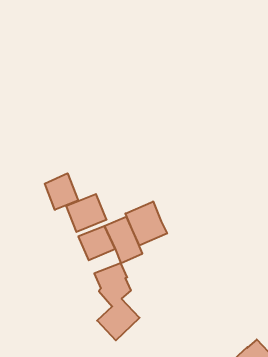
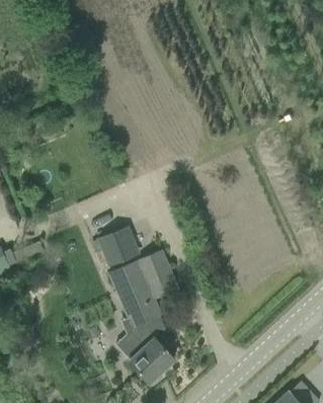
building: [45,173,78,210] -> none
building: [125,201,167,246] -> none

